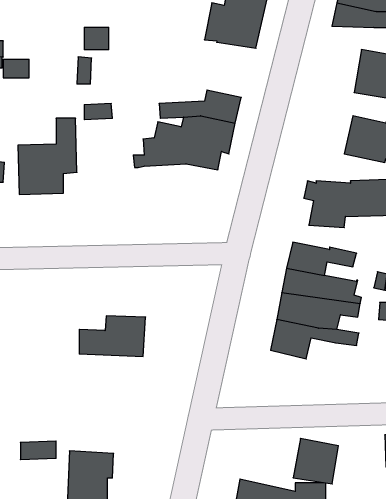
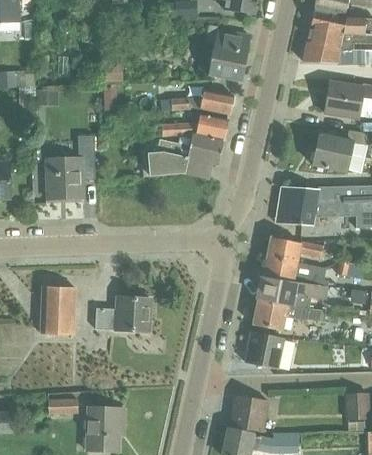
building: none -> [162,88,233,114]
building: none -> [40,285,74,335]
building: none -> [244,331,282,369]
building: [293,438,338,484] -> [229,395,266,432]

